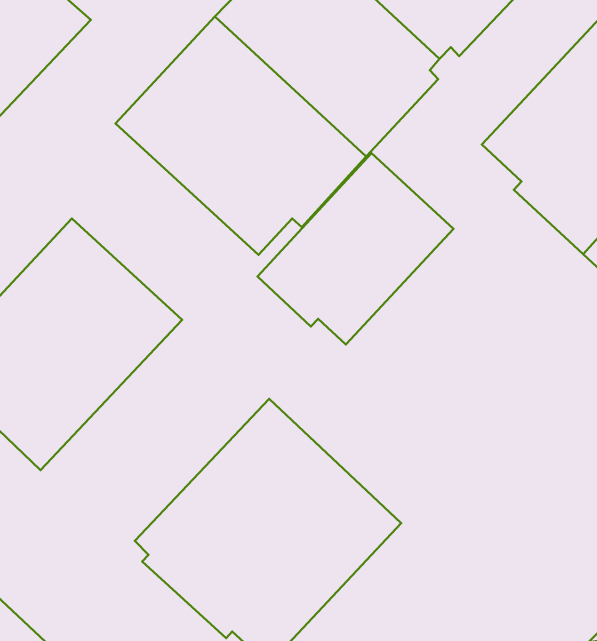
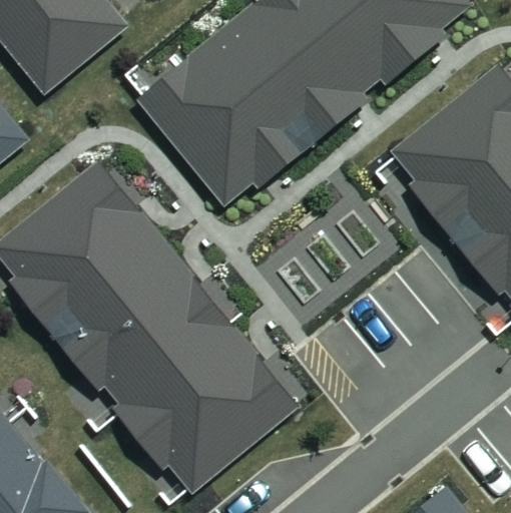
building: [258,153,453,344] -> none
building: none -> [50,242,217,393]

